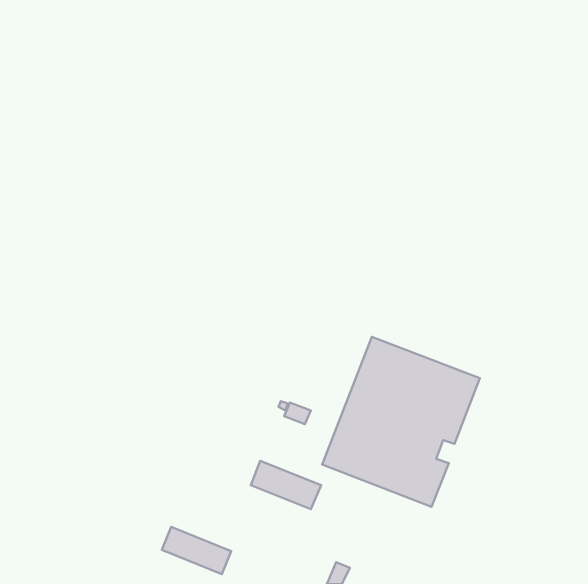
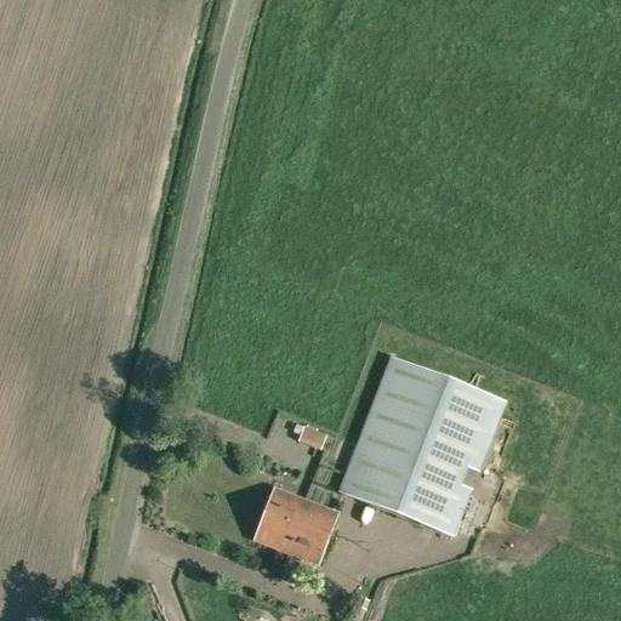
building: [162,527,231,574] -> [255,512,327,562]

